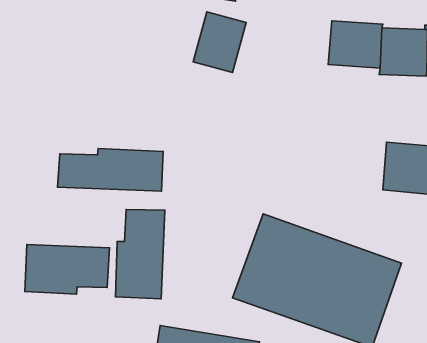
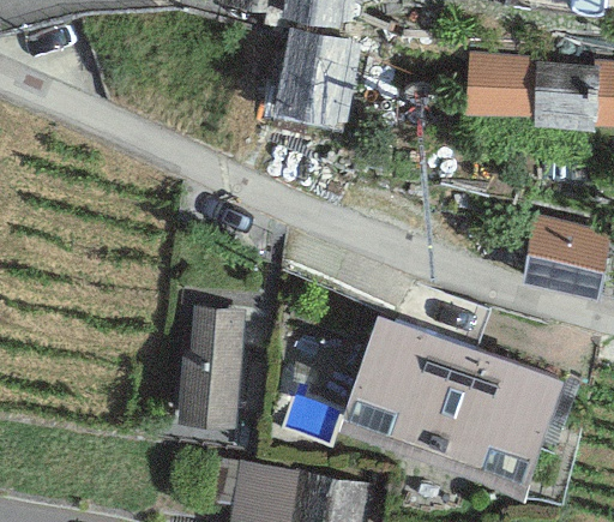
building: [58,149,163,191] -> none
building: [25,245,109,294] -> none

